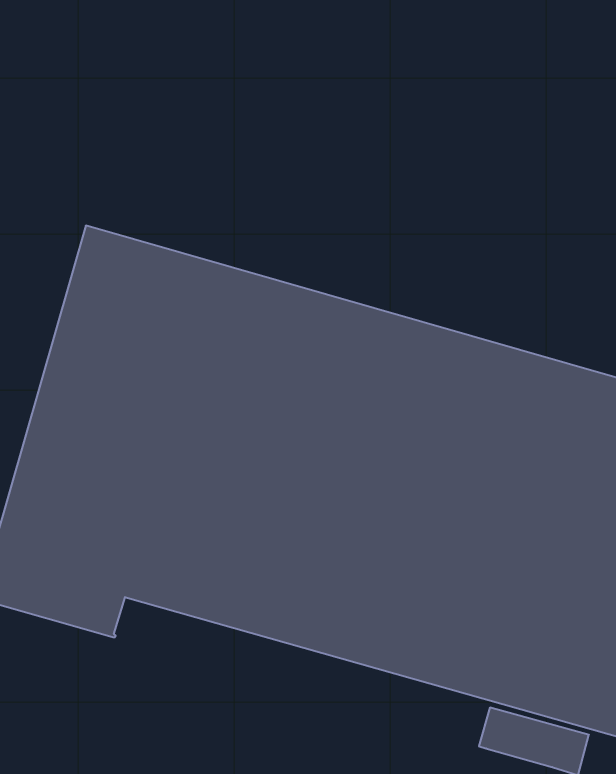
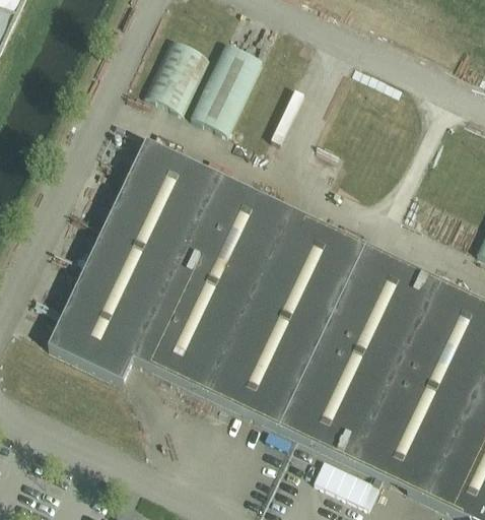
building: none -> [192,42,263,133]
building: none -> [144,37,210,112]

